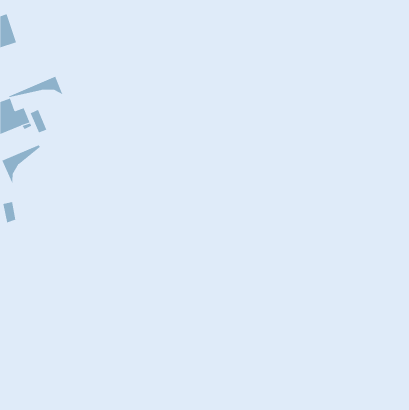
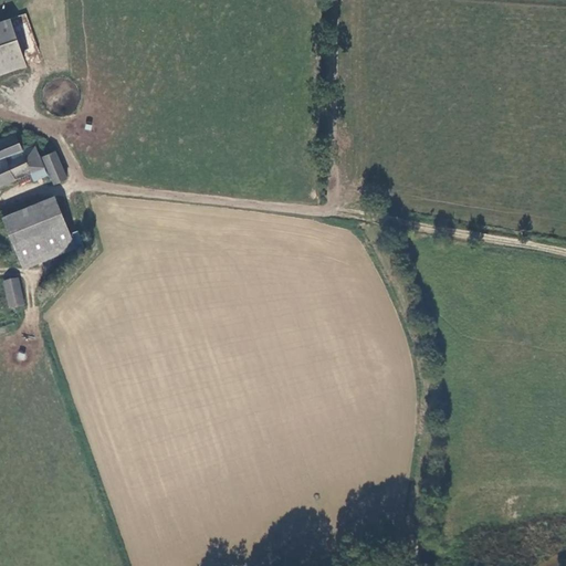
building: [9,76,64,98] -> none
building: none -> [18,202,73,268]

